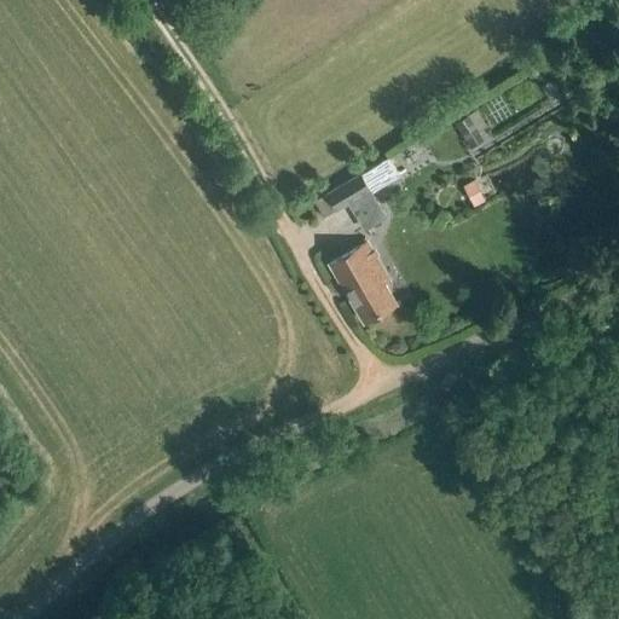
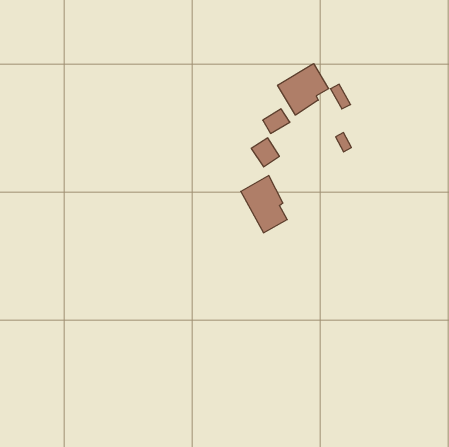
building: none -> [278,64,329,115]
building: [325,174,369,213] -> none

